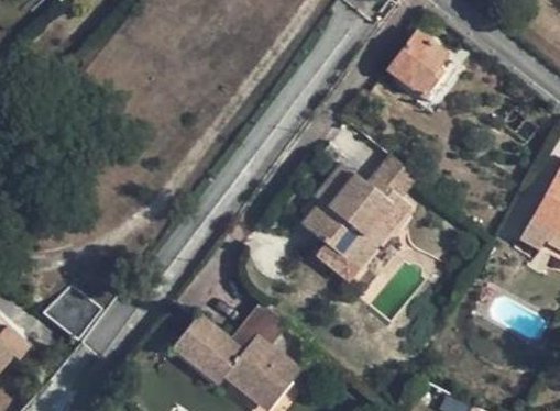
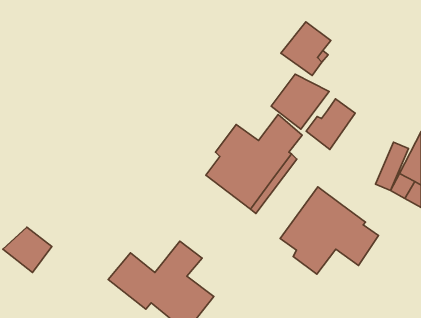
building: none -> [271,74,329,129]
building: none -> [306,99,355,150]
building: none -> [280,187,379,274]

